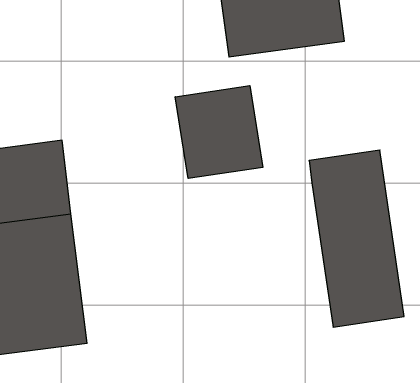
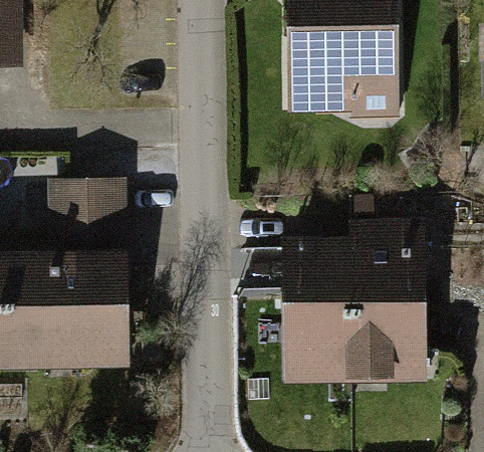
building: [175,86,263,178] -> none
building: none -> [282,243,356,382]

